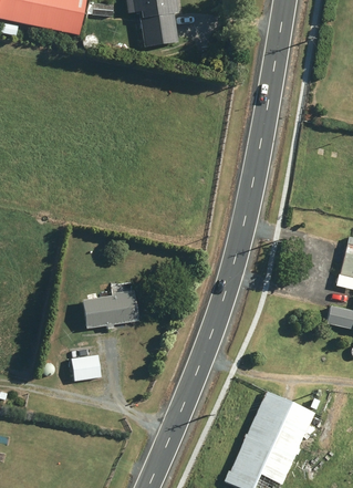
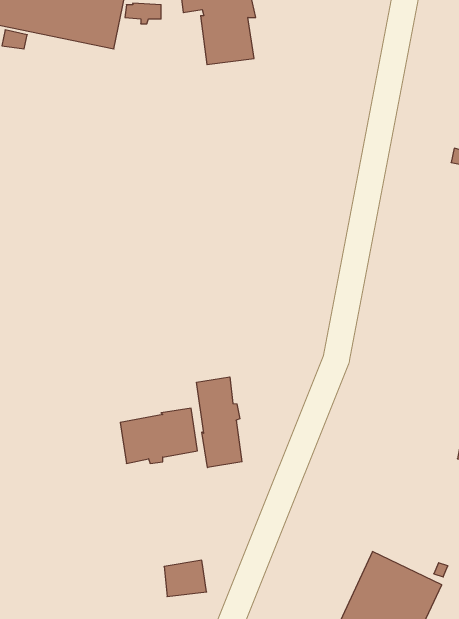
building: none -> [197,377,242,468]
building: [76,353,106,378] -> [164,560,207,597]

